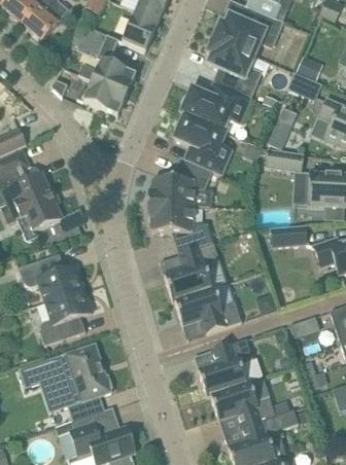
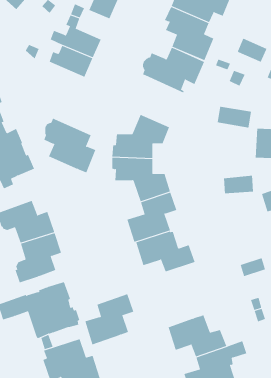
building: [174,113,233,175] -> [43,118,96,173]
building: [198,337,253,395] -> [84,293,134,345]

